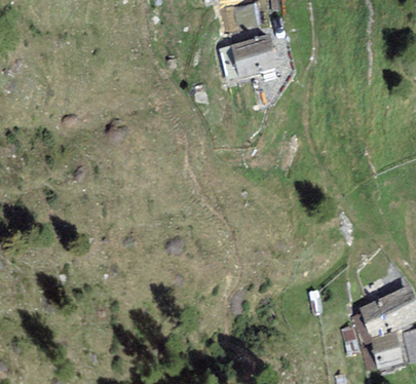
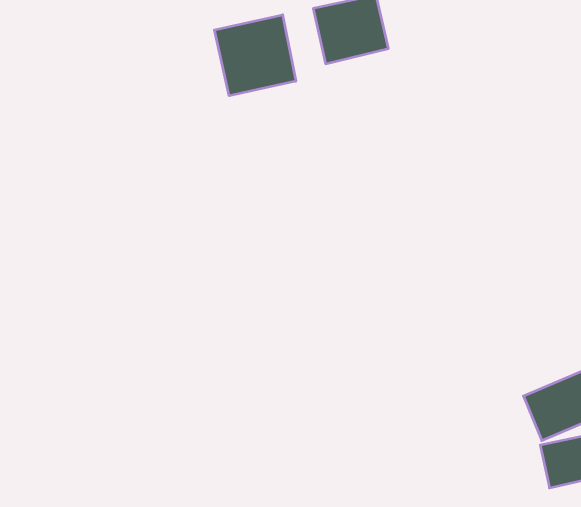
building: none -> [214,15,296,96]

